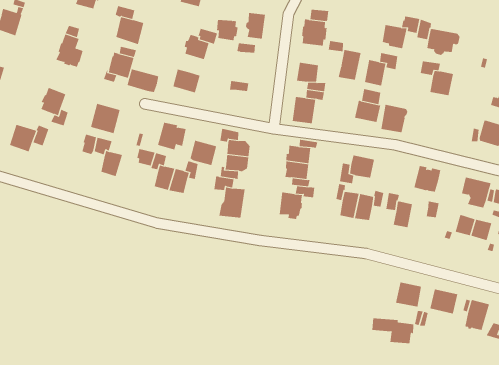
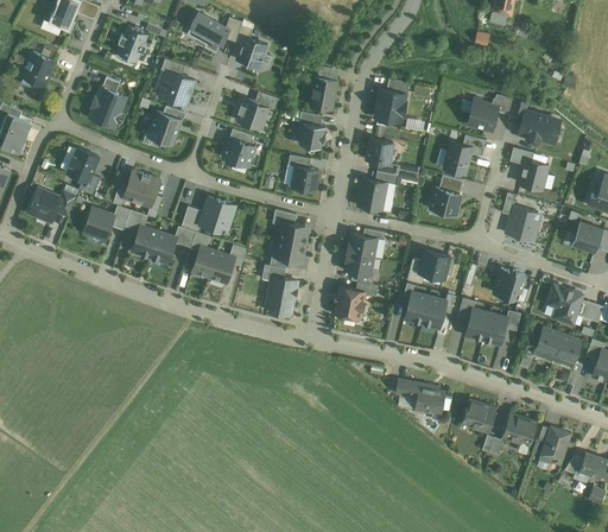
building: [216,20,238,41] -> [300,122,327,148]
building: [338,49,361,81] -> none
building: [127,69,159,93] -> none
building: none -> [292,166,319,191]
building: [380,104,408,133] -> [506,205,539,240]
building: none -> [83,207,115,239]
building: [190,140,217,166] -> none
building: none -> [150,232,177,262]
building: none -> [483,312,507,344]
building: [371,318,414,344] -> [397,381,446,414]

